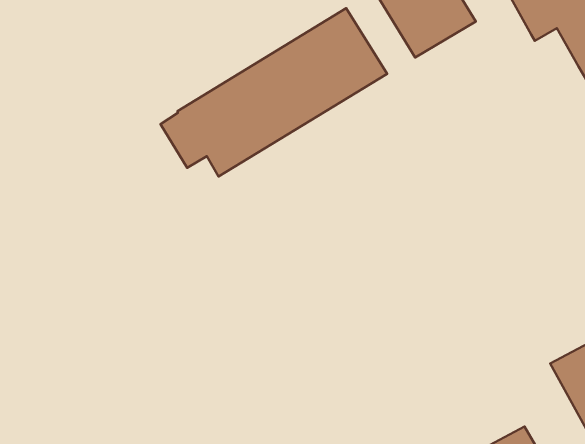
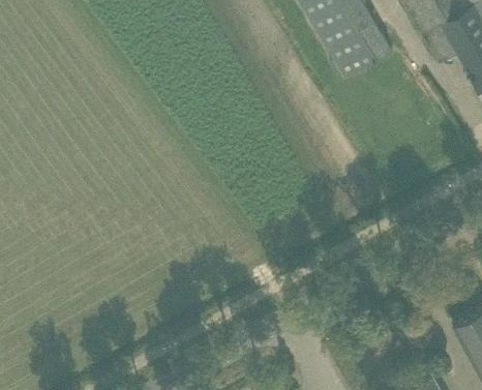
building: [160,8,387,177] -> none

